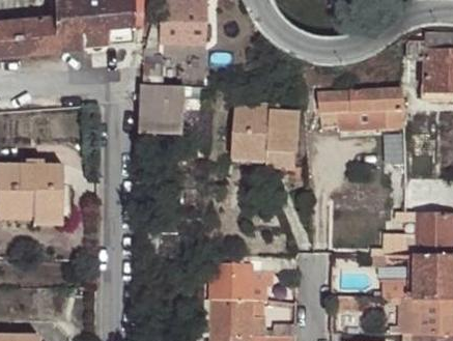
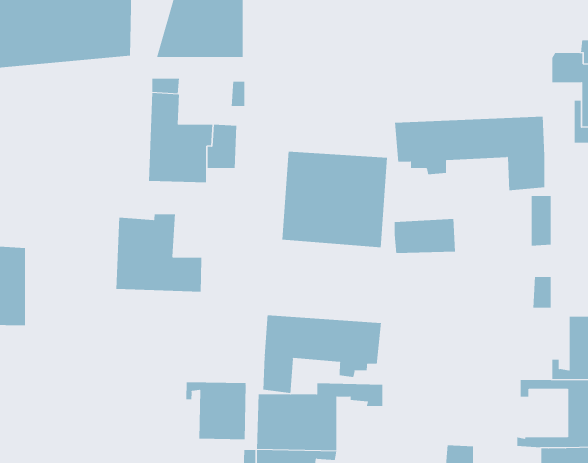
building: [337,109,377,132] -> [394,219,456,254]
building: none -> [116,213,202,293]
building: none -> [263,314,381,394]
building: none -> [186,381,246,440]

